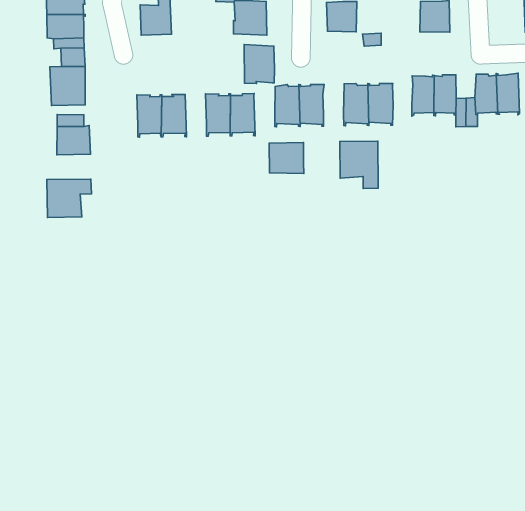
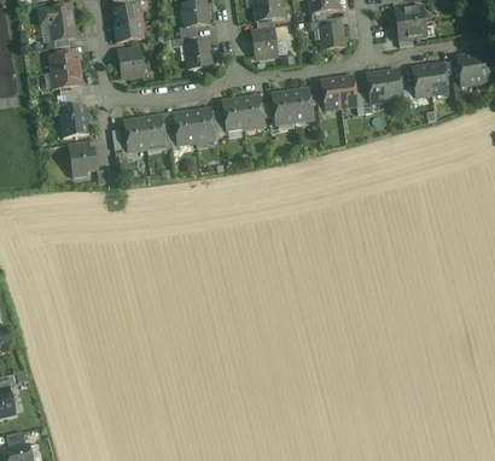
building: [244,45,274,83] -> none
building: [340,141,378,189] -> none
building: [269,142,304,173] -> none
building: [47,179,92,218] -> none

